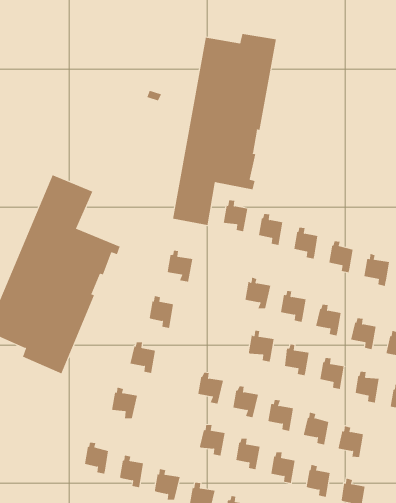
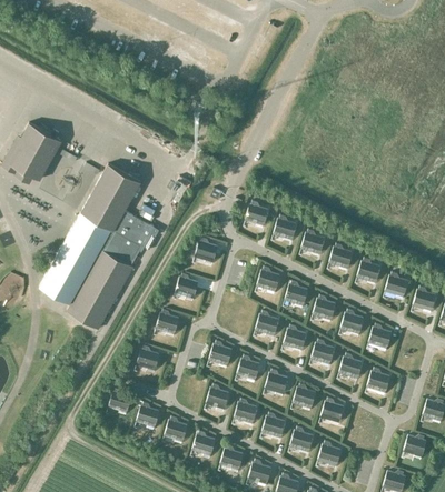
building: [173,33,277,226] -> none

